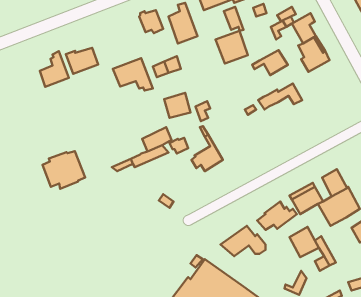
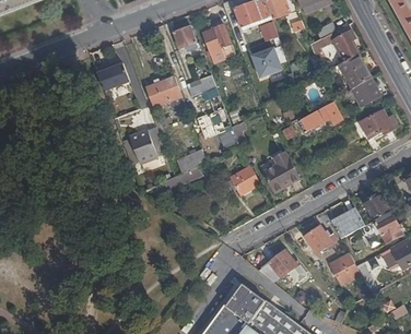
building: [252,50,288,75] -> [341,80,378,106]
building: [40,51,69,87] -> none
building: none -> [359,110,396,139]
building: none -> [262,152,298,191]
building: [42,151,85,189] -> [120,126,165,165]

